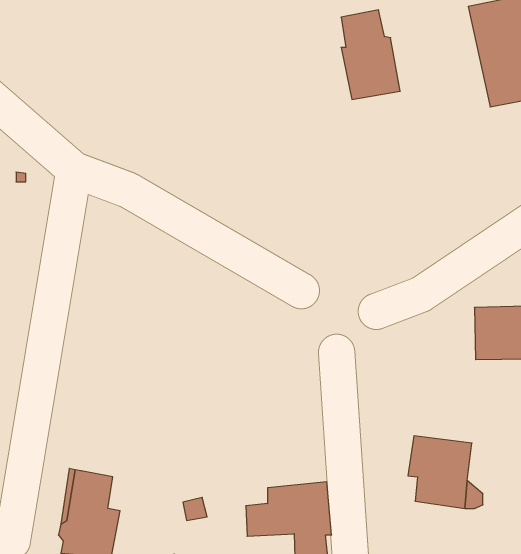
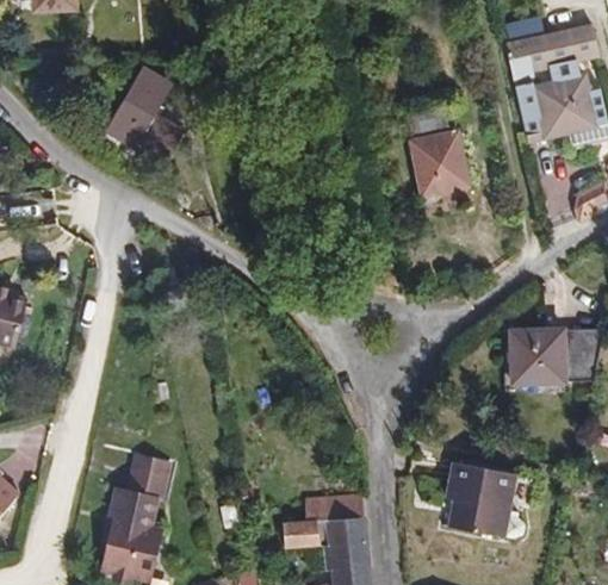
building: [341,10,400,99] -> [412,127,471,216]
building: none -> [105,73,182,169]
building: none -> [124,455,167,498]

